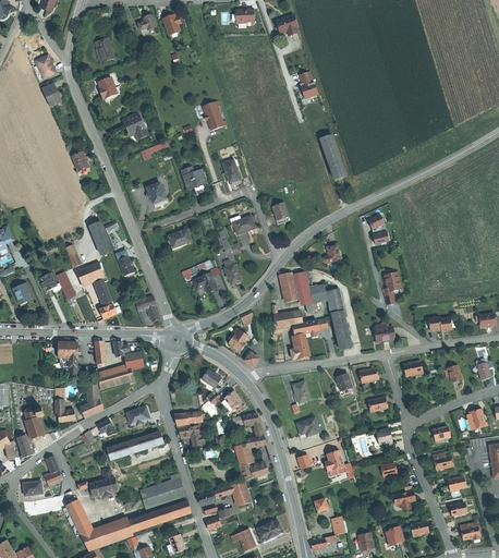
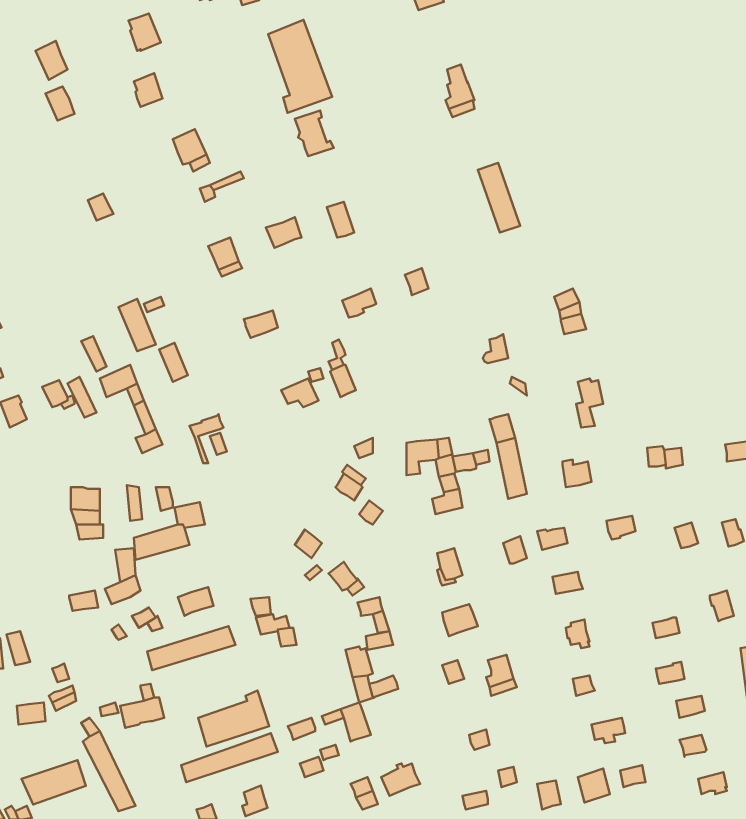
building: none -> [268,20,332,113]
building: [279,271,312,305] -> none
building: [24,408,45,439] -> none
building: [92,519,133,547] -> [21,760,86,804]

